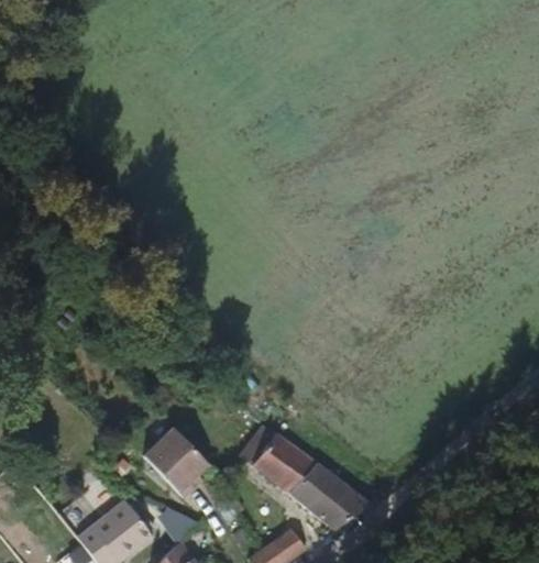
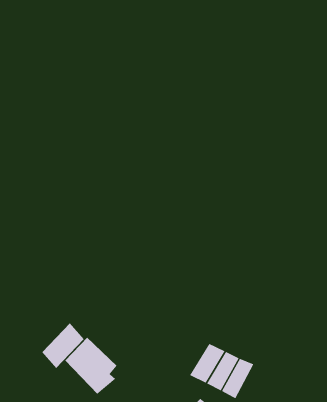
building: none -> [41,323,85,369]
building: [248,429,316,494] -> none

